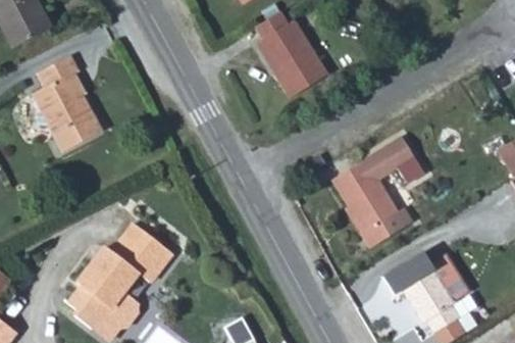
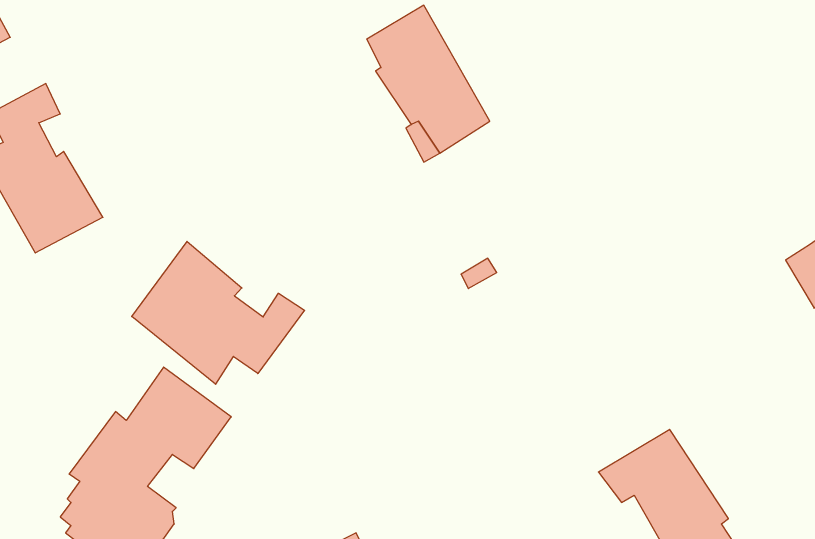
building: [336,139,417,248] -> none
building: none -> [132,241,305,384]

